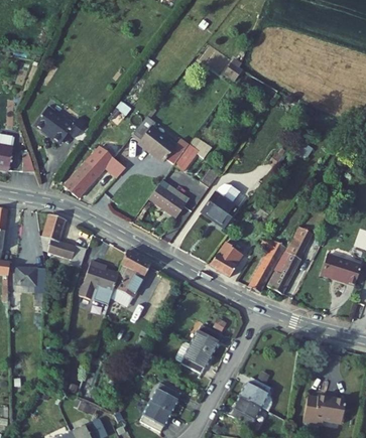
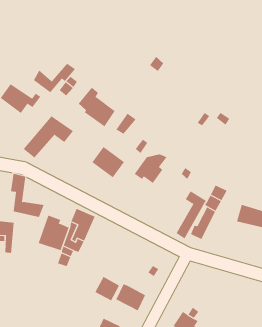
building: none -> [33,63,76,93]
building: [208,241,239,275] -> none
building: [190,328,220,358] -> [95,276,120,301]

